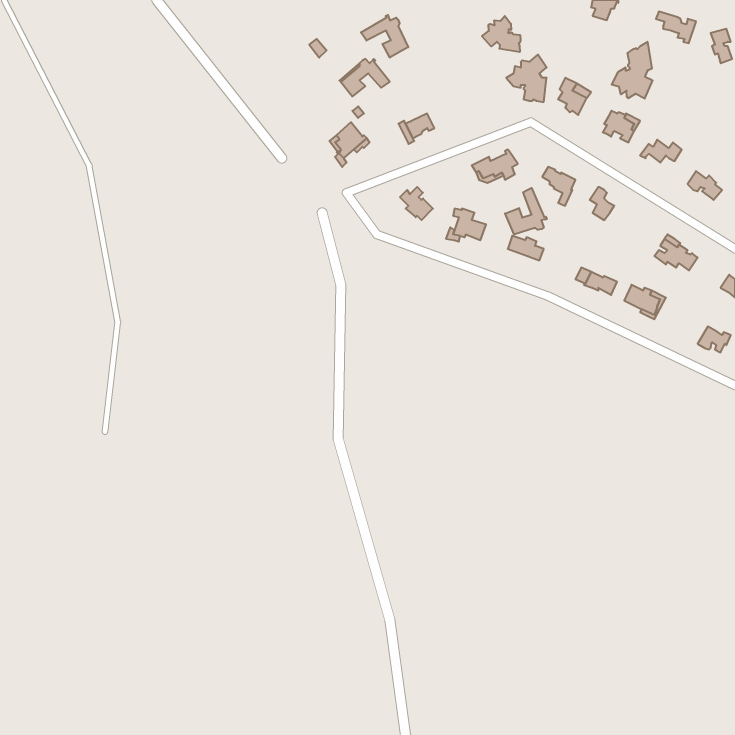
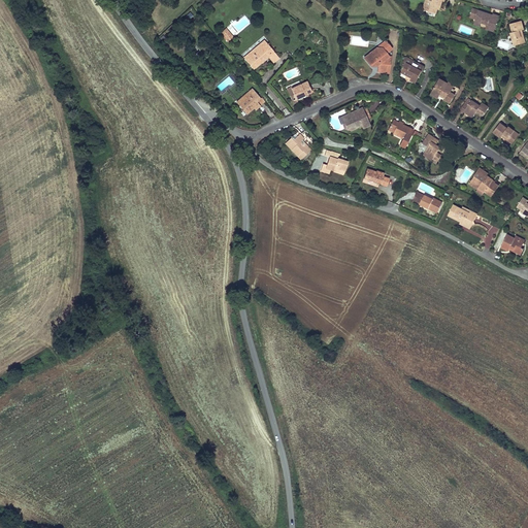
building: [361,15,408,58] -> none
building: [482,16,520,52] -> none
building: [612,42,652,99] -> none
building: [505,188,547,234] -> none

